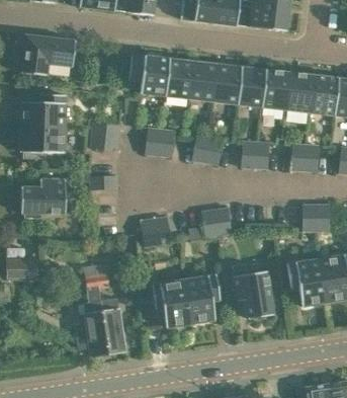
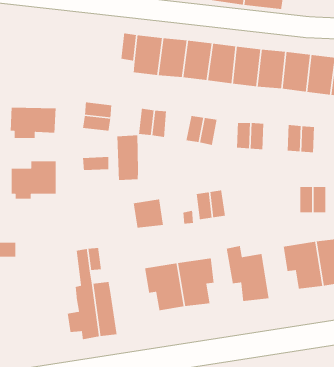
building: [17,34,76,75] -> none
building: [21,93,67,128] -> none
building: none -> [116,135,139,181]

